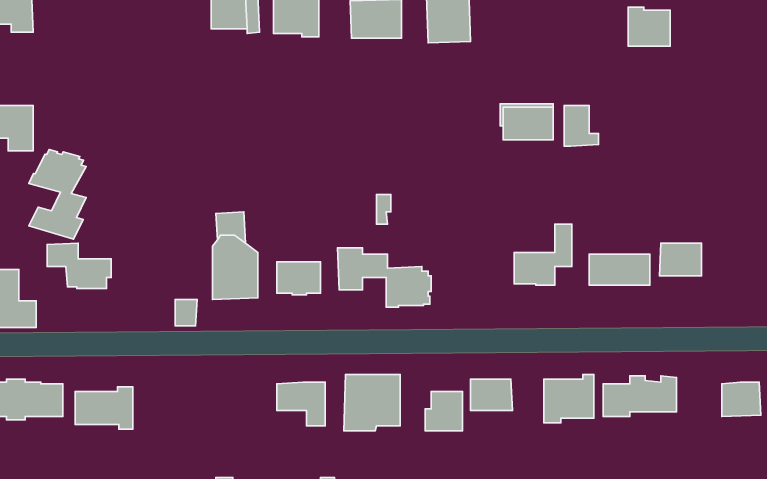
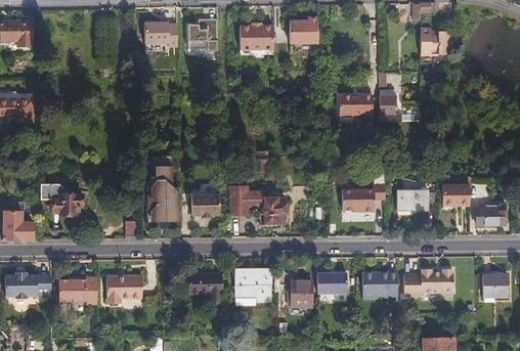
building: [29,150,86,239] -> none
building: none -> [476,205,505,223]
building: none -> [106,275,141,304]

